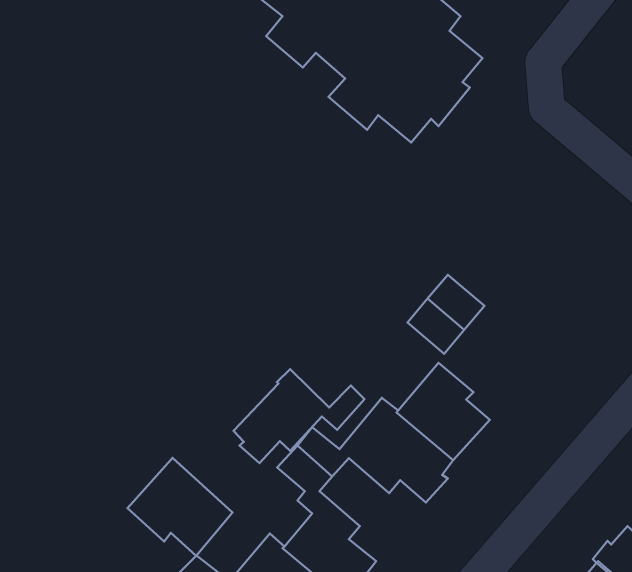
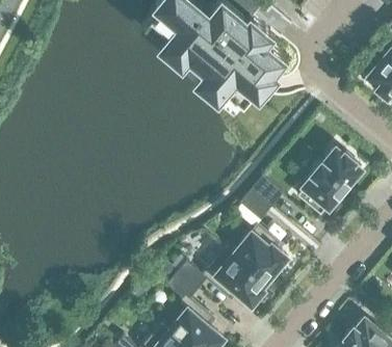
building: none -> [297,148,361,215]
building: [234,369,365,463] -> none
building: [127,458,233,556] -> none

